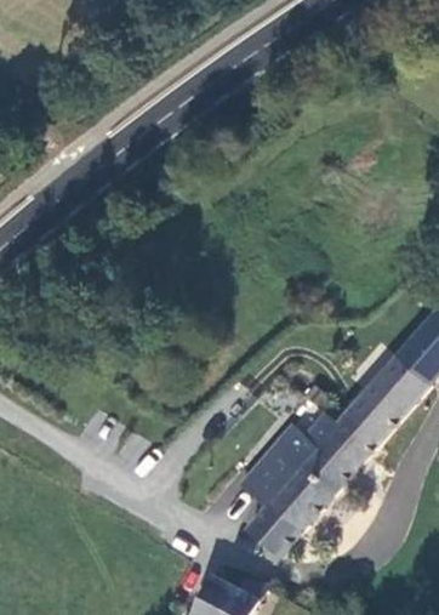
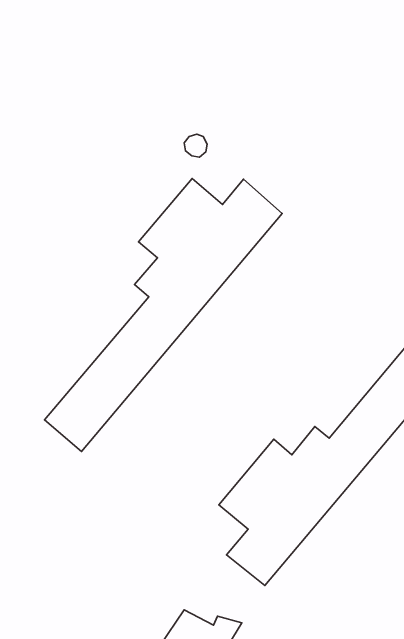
building: none -> [45,178,282,452]

